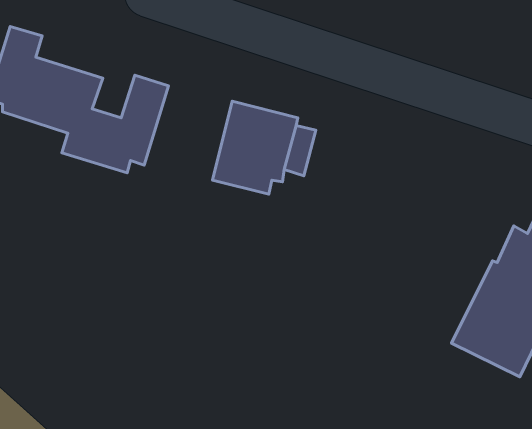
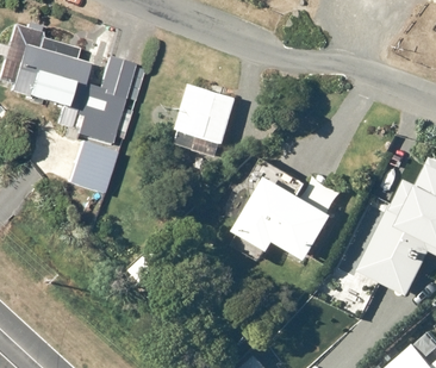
building: none -> [63,139,112,194]
building: none -> [233,175,336,262]

